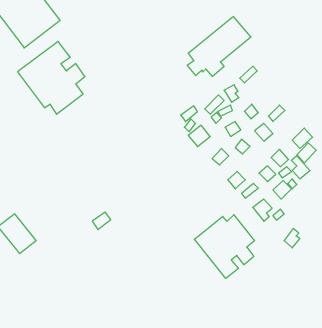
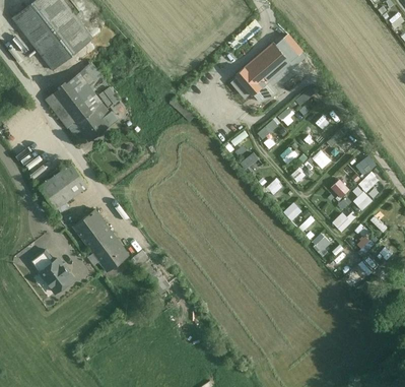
building: none -> [43,159,91,206]
building: none -> [70,208,129,272]
building: [194,215,254,278] -> none

